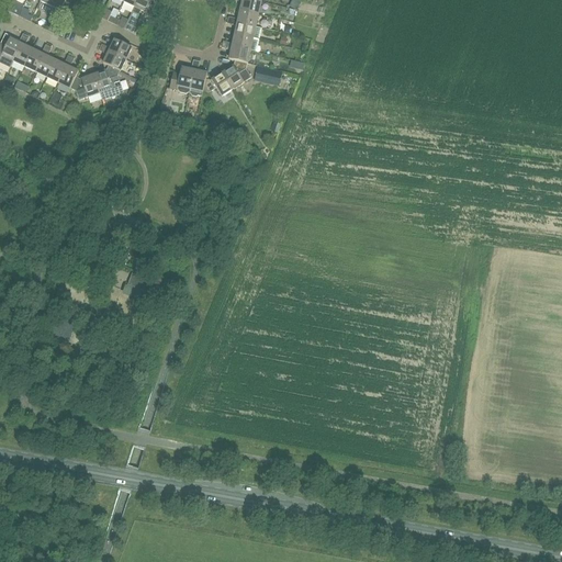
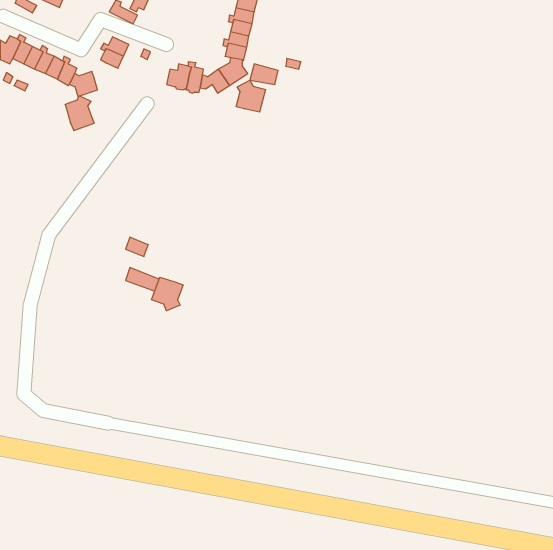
building: [93,64,123,99] -> [65,96,94,131]
building: none -> [236,80,266,112]
building: none -> [152,277,183,311]

